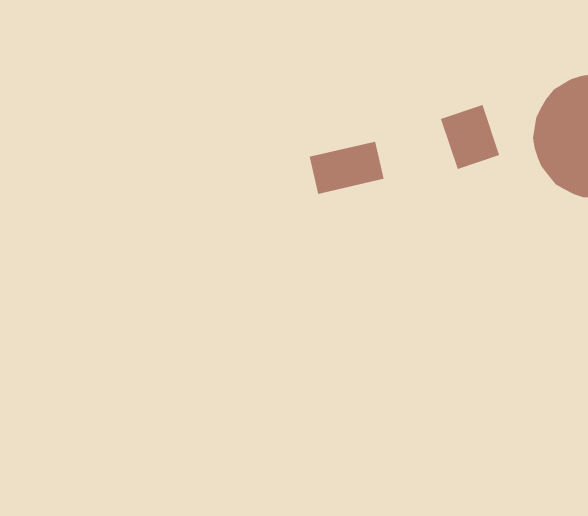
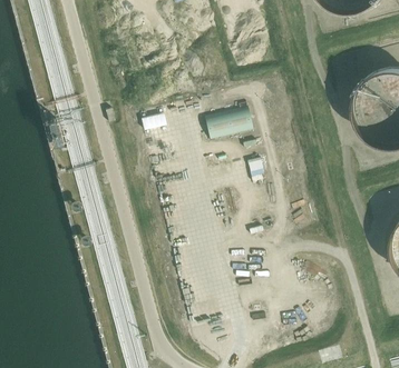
building: [440,104,500,170] -> none

